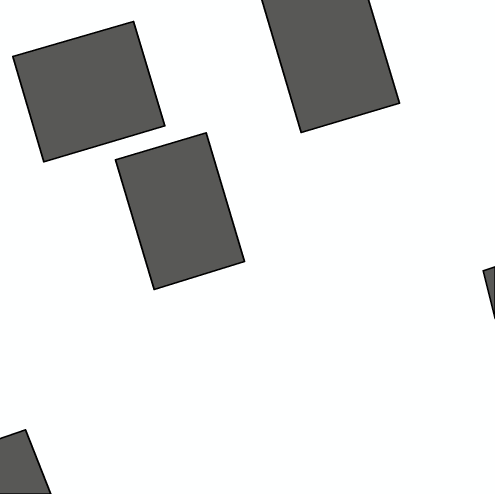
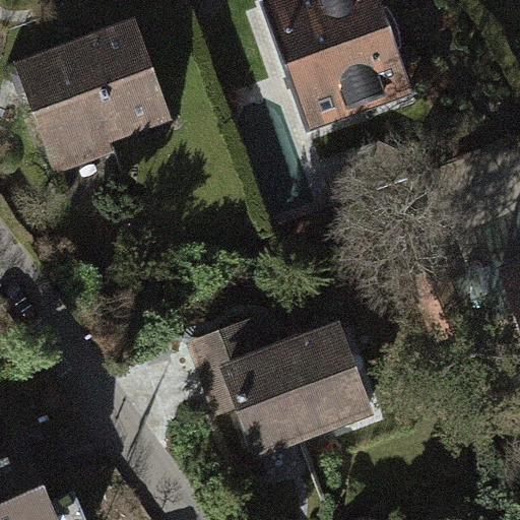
building: [115,133,244,290] -> none
building: none -> [187,317,371,457]

